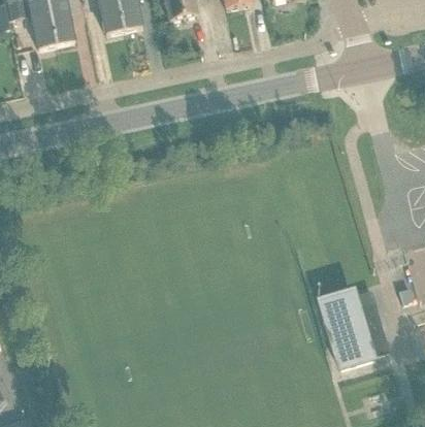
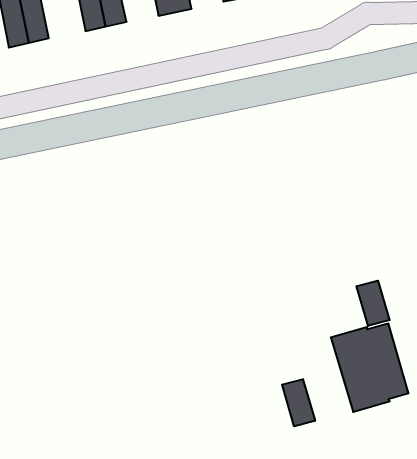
building: none -> [357,281,390,326]
building: none -> [282,379,315,426]

